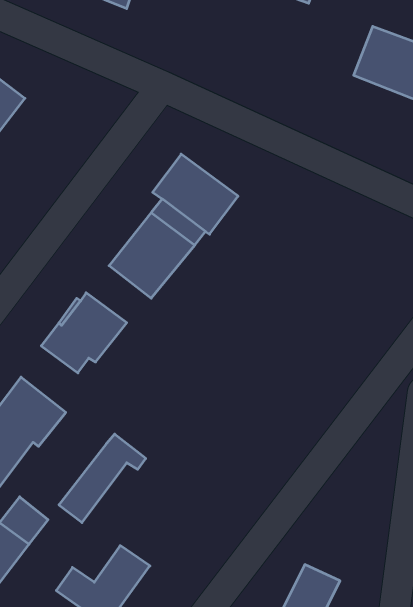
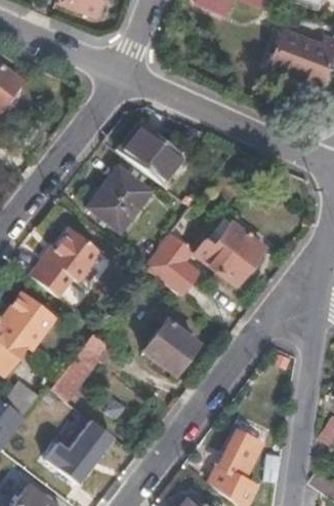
building: none -> [195,224,264,288]
building: none -> [142,235,197,295]
building: none -> [142,322,197,376]

